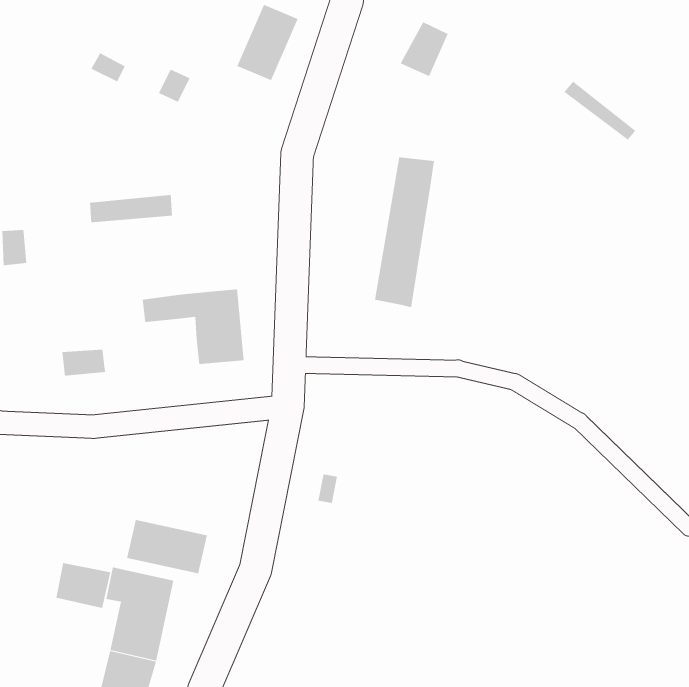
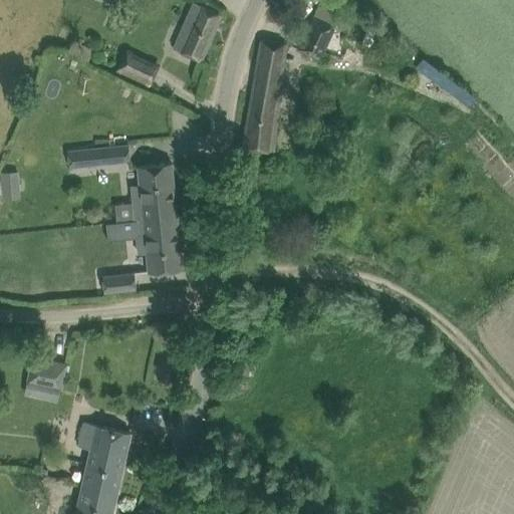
building: [374,157,435,308] -> [242,42,287,155]
building: none -> [134,164,177,221]
building: [61,349,106,376] -> [102,274,136,294]
building: [127,519,207,574] -> none
building: [56,563,111,609] -> [26,357,67,392]

